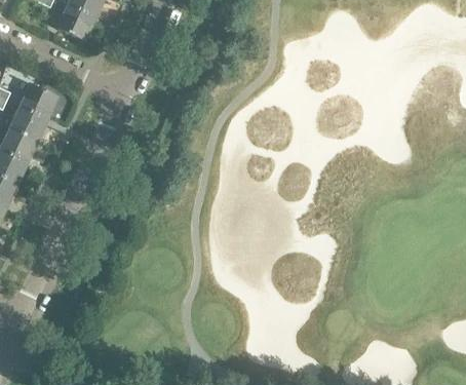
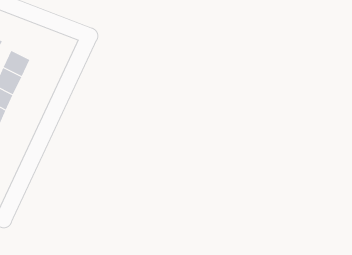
building: [22,81,57,116] -> none

